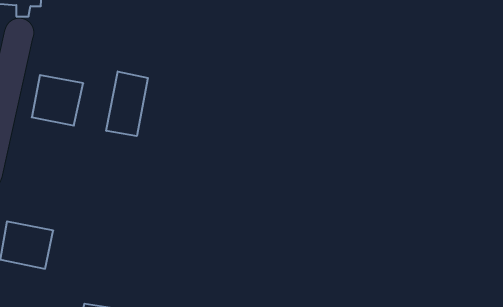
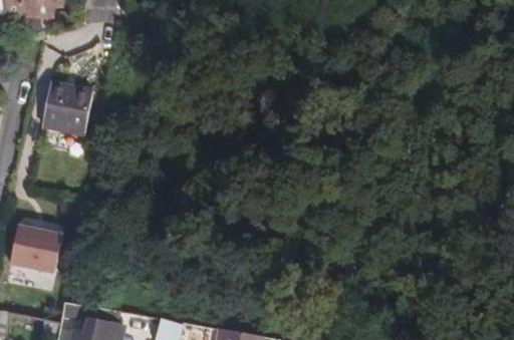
building: [106,71,148,136] -> none

